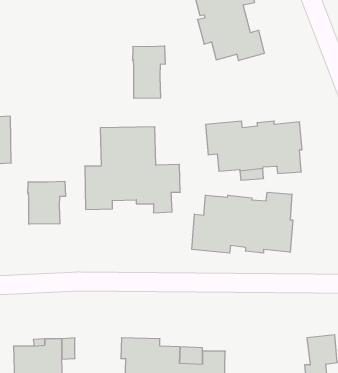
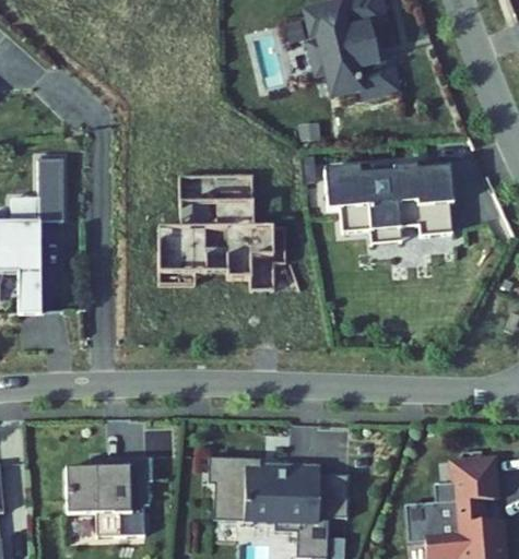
building: [133,46,165,98] -> none
building: [28,181,65,224] -> none
building: [192,192,293,253] -> none

